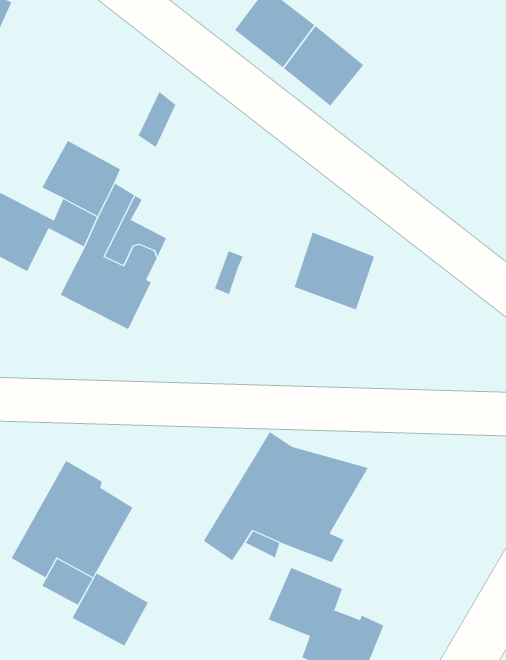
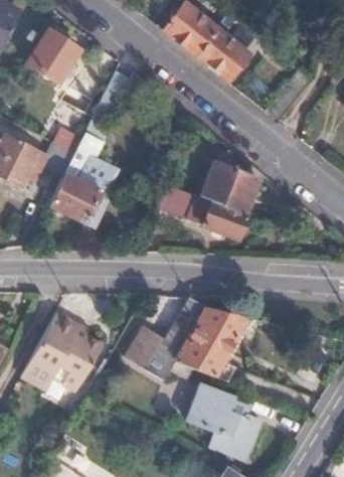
building: none -> [28,28,80,83]
building: none -> [162,187,247,240]
building: none -> [124,322,164,365]
building: [72,572,149,647] -> none

